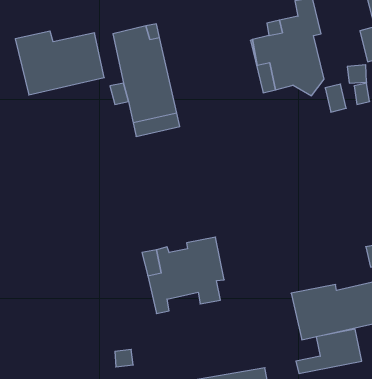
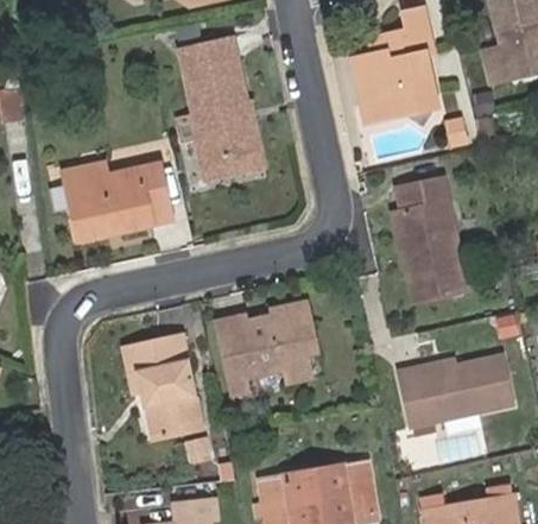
building: [15,31,104,95] -> [62,162,171,240]
building: none -> [393,178,467,302]
building: none -> [122,334,202,438]

